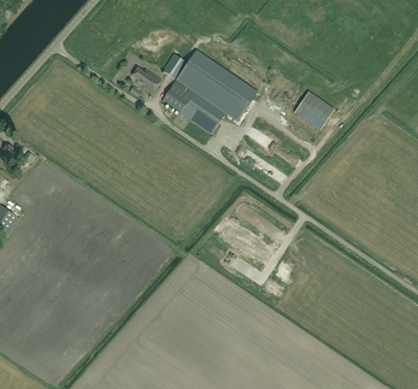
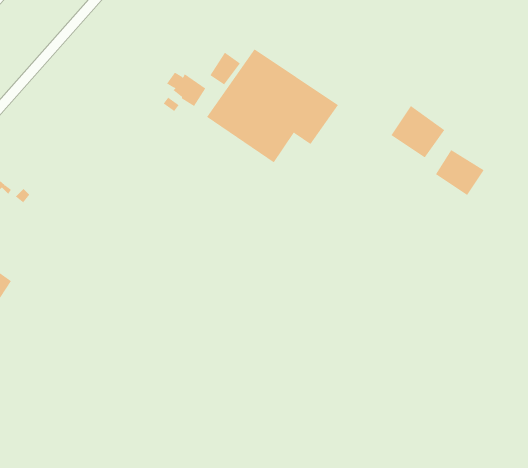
building: none -> [435,149,485,196]

